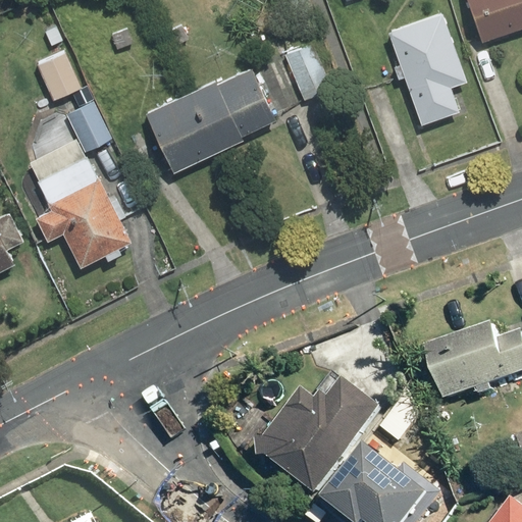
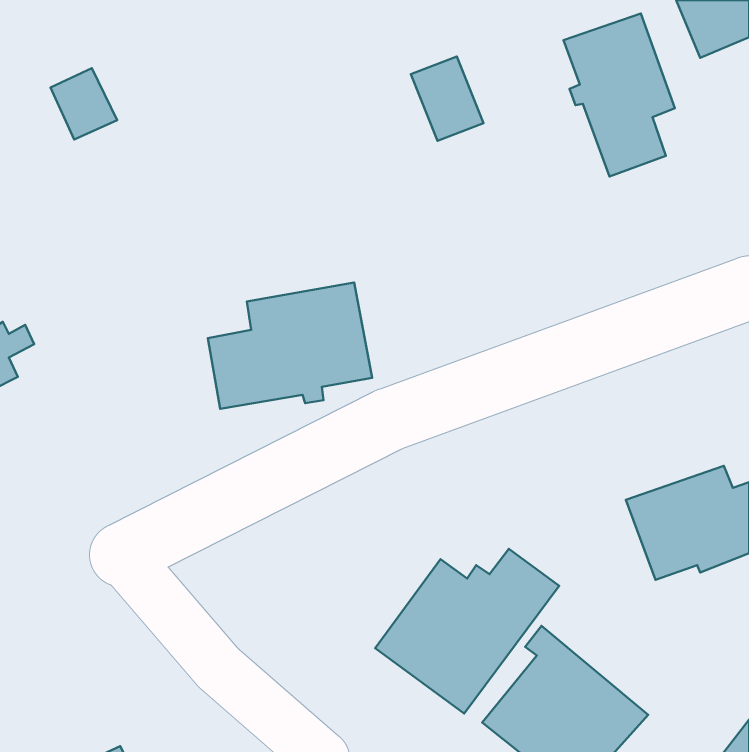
building: [143,66,277,171] -> none
building: [29,103,130,266] -> none
building: none -> [208,282,372,409]

